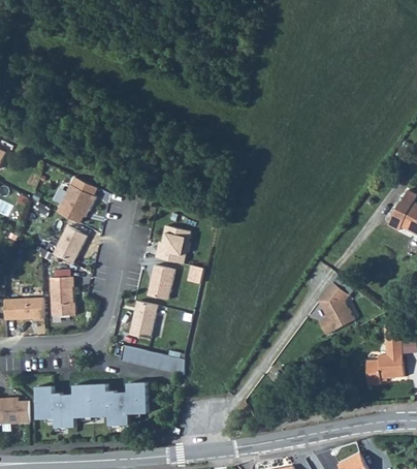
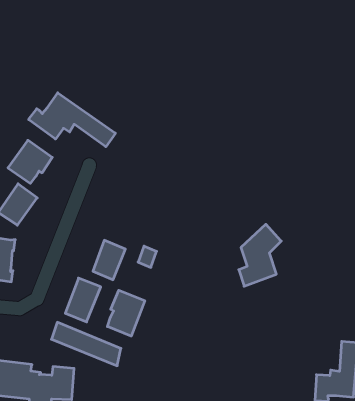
building: none -> [29,93,115,147]
building: [156,224,190,262] -> none
building: [319,274,355,334] -> [239,224,281,286]
building: none -> [107,290,145,336]

